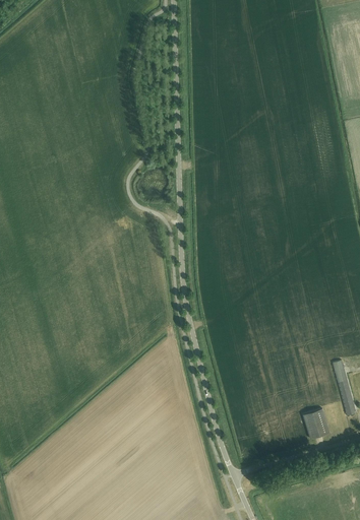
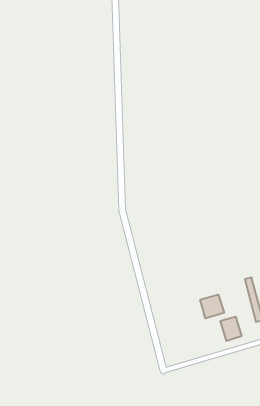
building: none -> [200,295,224,318]

